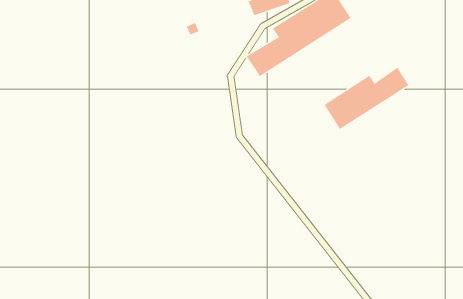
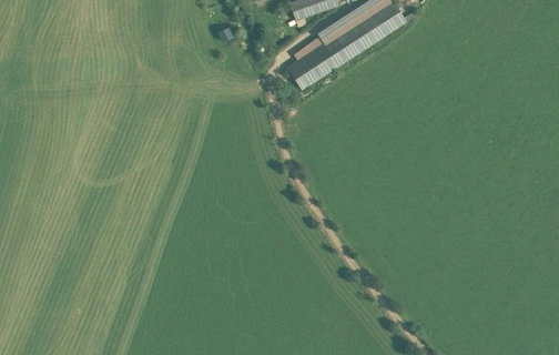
building: [324,67,409,130] -> none

